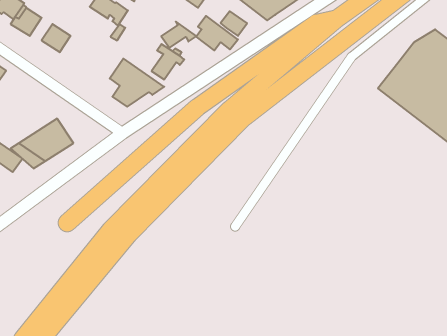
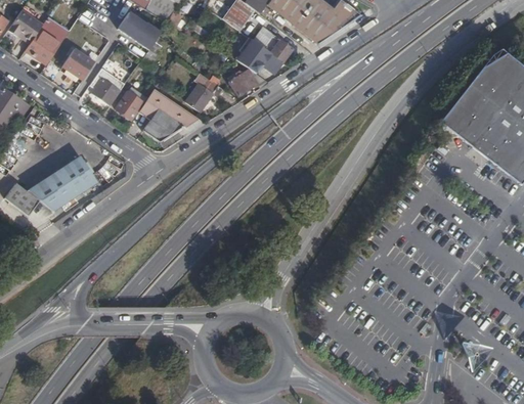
building: [161,22,197,48] -> [227,69,267,98]
building: none -> [91,76,121,107]
building: none -> [116,87,147,119]

